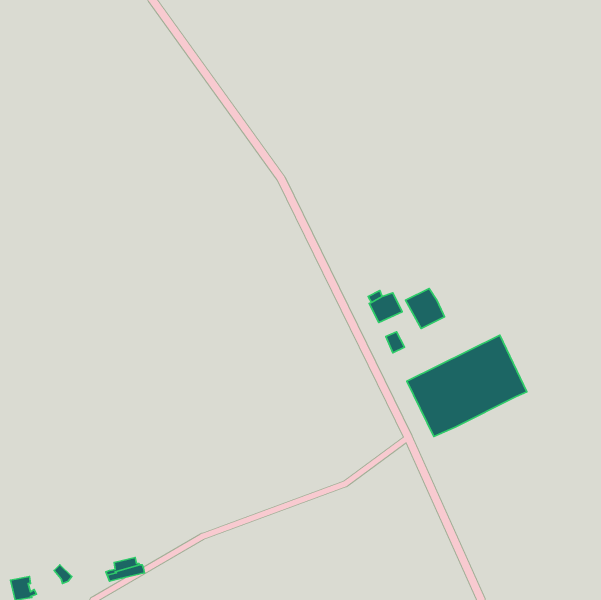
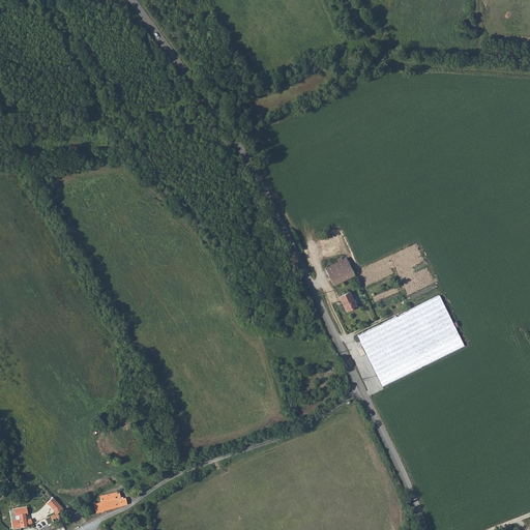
building: [406,288,444,328] -> none

